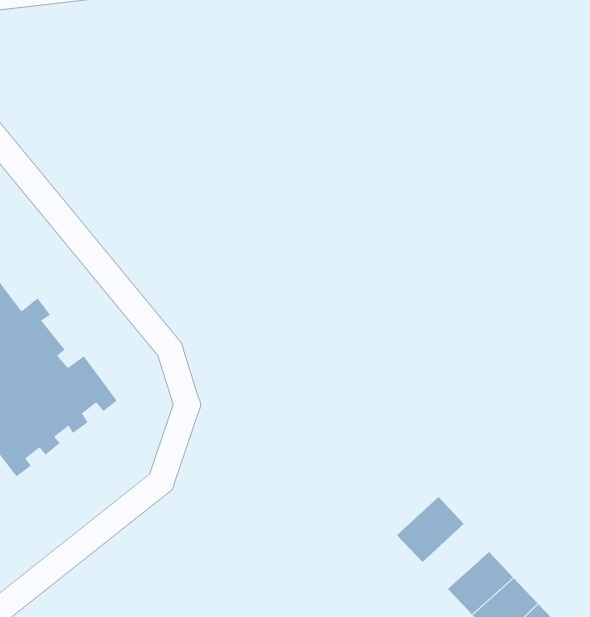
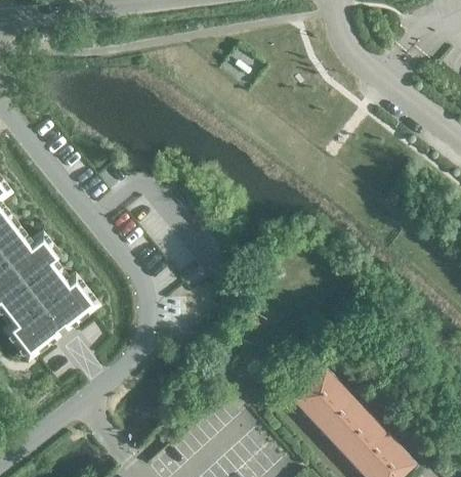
building: none -> [312,391,360,437]

